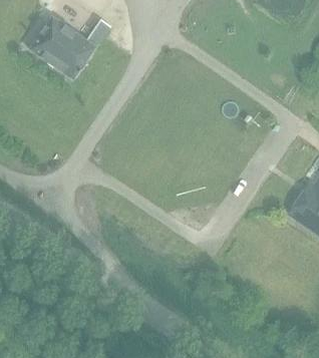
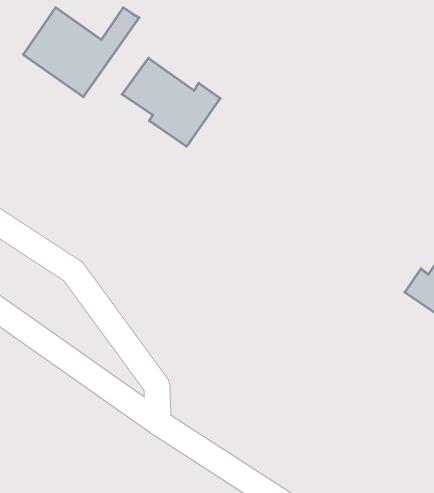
building: none -> [122,58,220,146]

